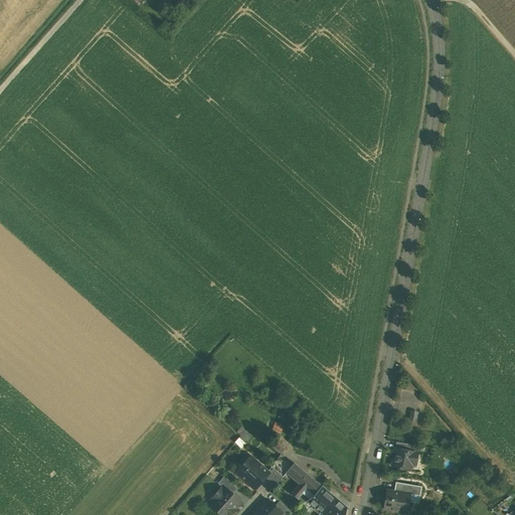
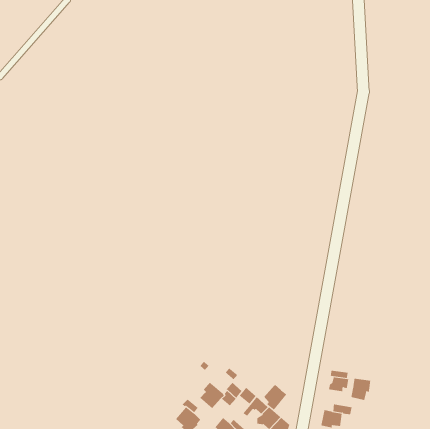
building: none -> [351,378,371,401]
building: none -> [263,384,287,410]

